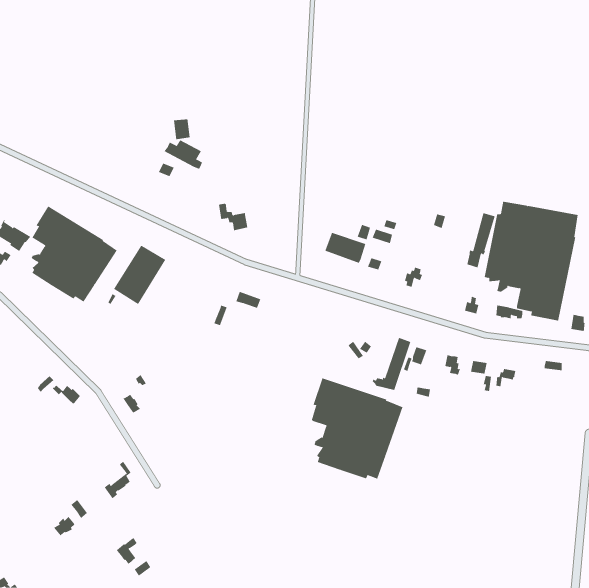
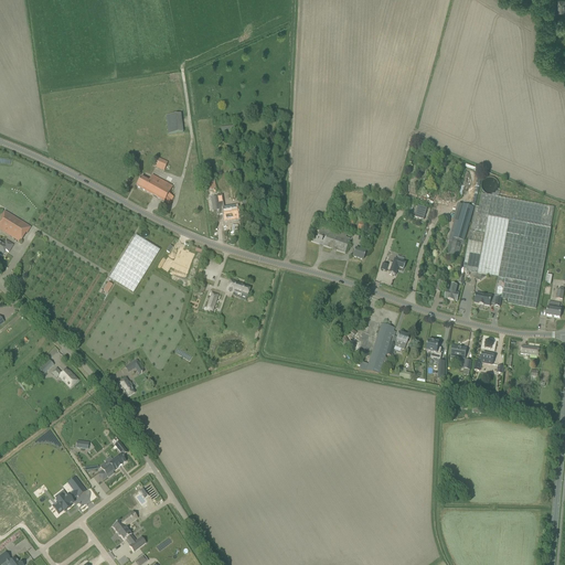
building: [164,140,203,170] -> [135,173,172,202]
building: [31,205,117,303] -> none
building: [311,378,403,480] -> none

